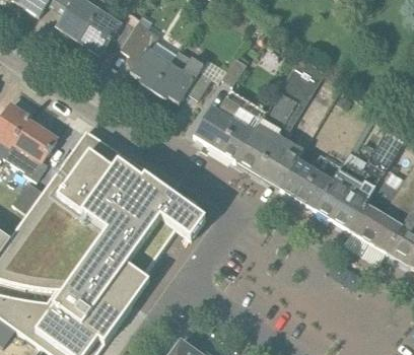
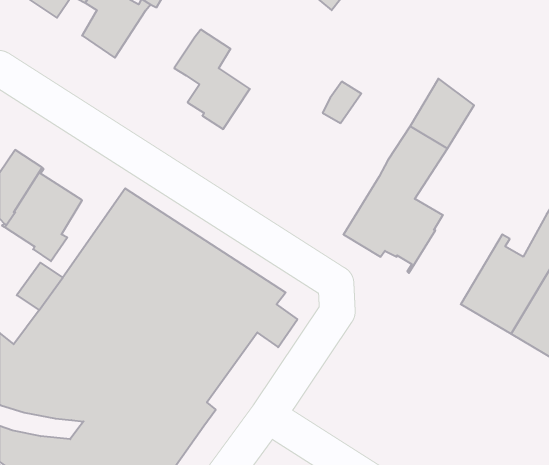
building: [79,9,134,56] -> none
building: [153,43,211,104] -> none
building: [193,90,266,162] -> none
building: [280,154,341,210] -> none

